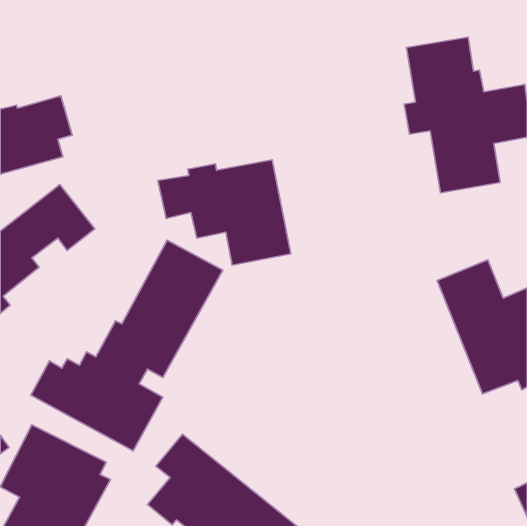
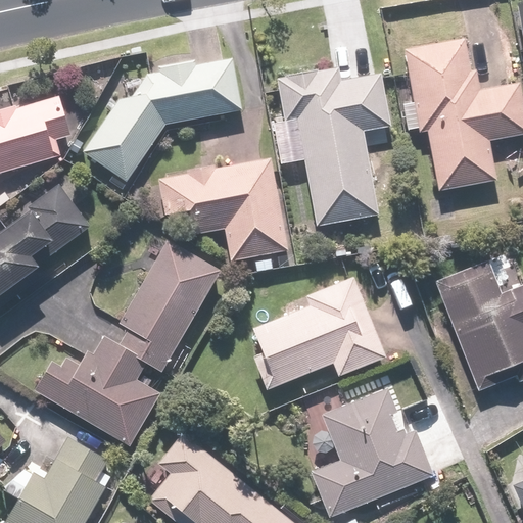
building: none -> [81,56,245,182]
building: none -> [274,67,391,228]
building: none -> [253,278,387,398]
building: none -> [308,388,434,518]

